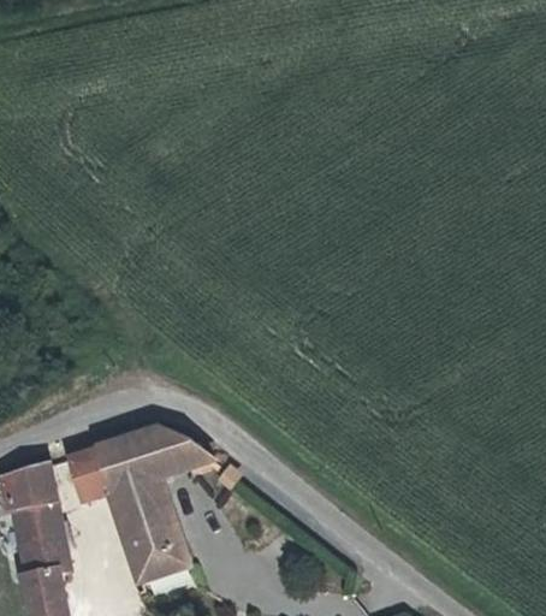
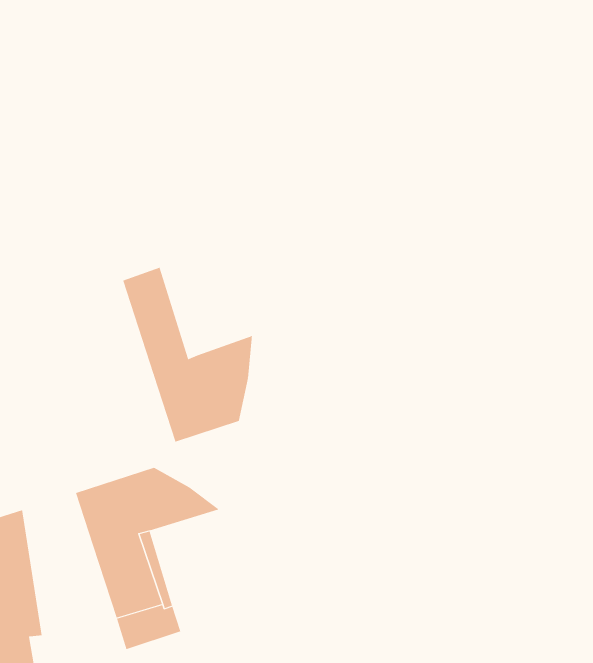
building: none -> [123,267,253,442]
building: [70,448,109,500] -> none

